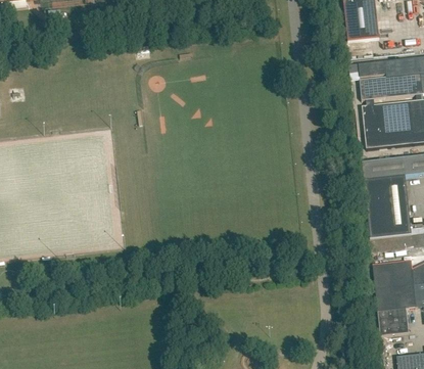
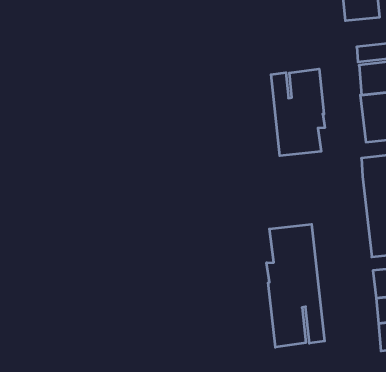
building: none -> [271,69,325,156]
building: none -> [267,224,325,347]

